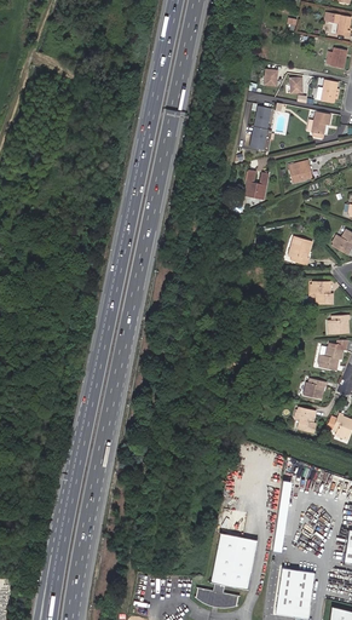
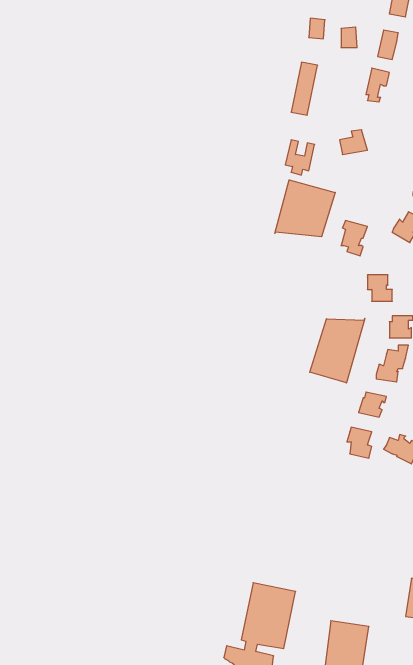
building: none -> [275,180,335,237]
building: none -> [310,318,365,383]

